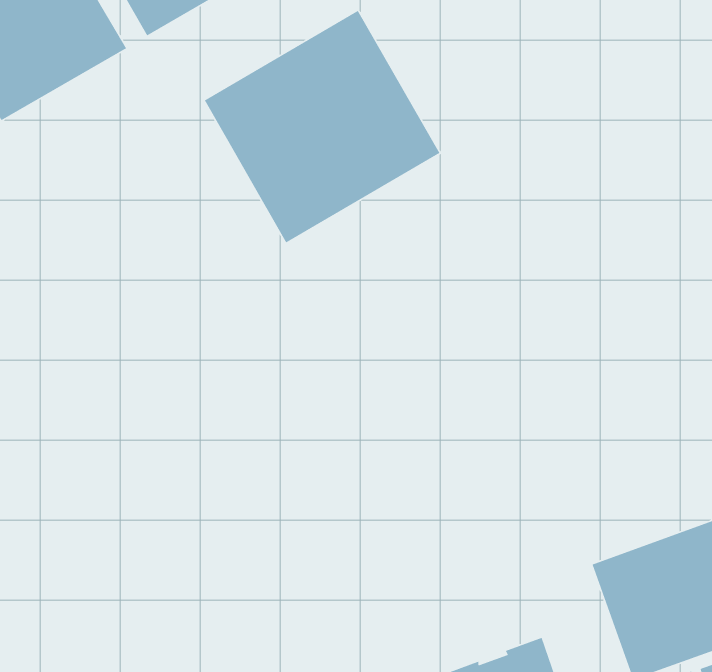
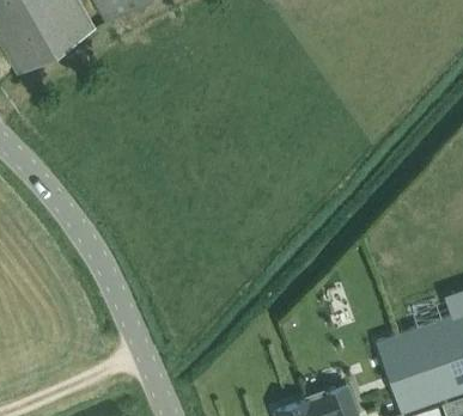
building: [204,10,440,244] -> none

